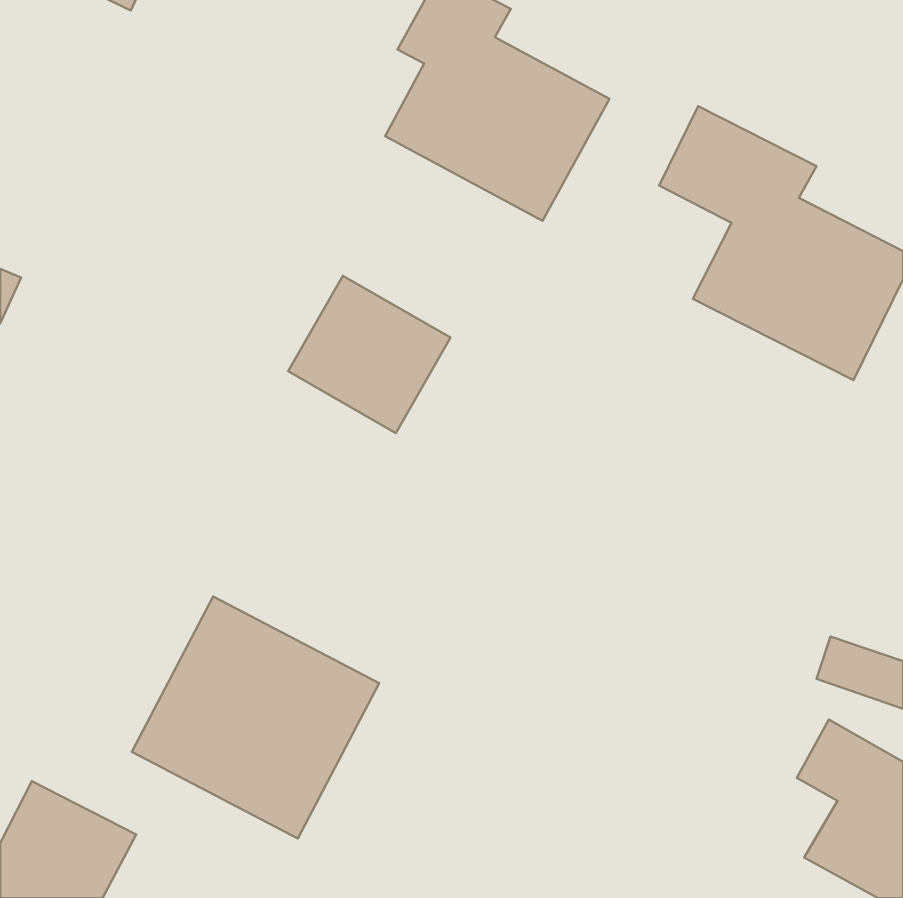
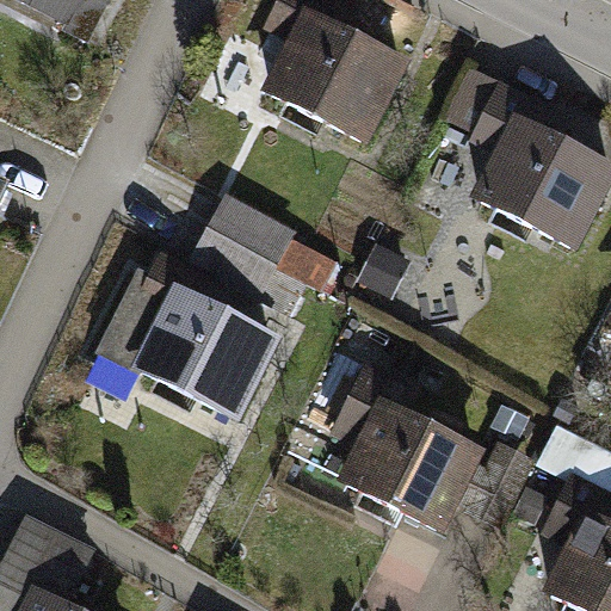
building: none -> [329,374,485,525]
building: [132,596,379,839] -> [117,269,284,432]

